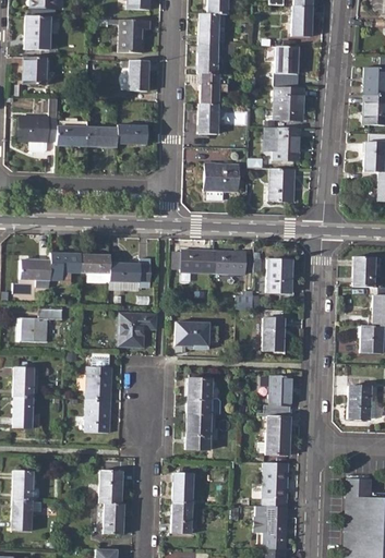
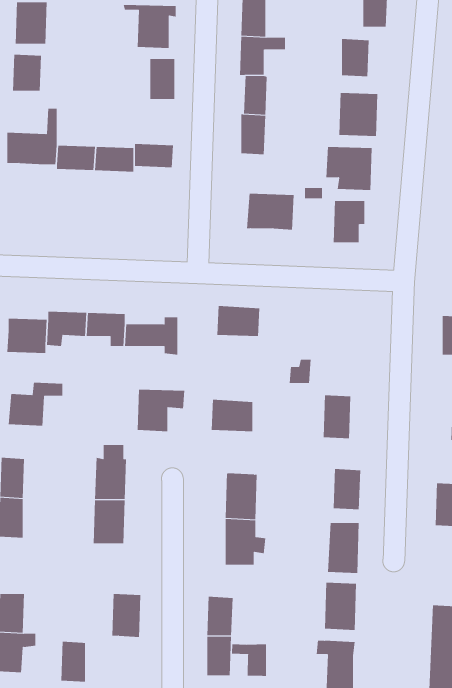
building: [213,251,246,274] -> none
building: [253,258,291,292] -> none
building: [104,502,123,534] -> [60,641,86,682]
building: none -> [231,644,266,677]

